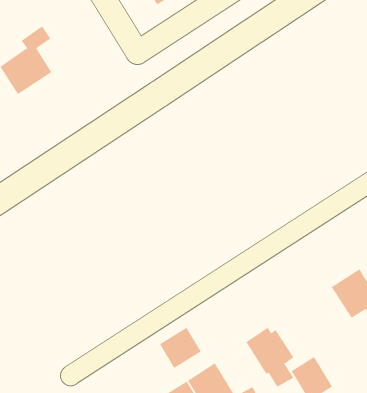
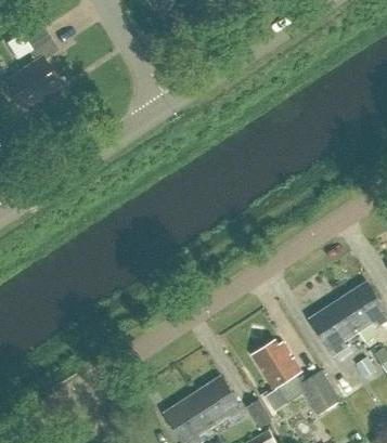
building: none -> [310,299,359,354]
building: [159,327,201,369] -> none

